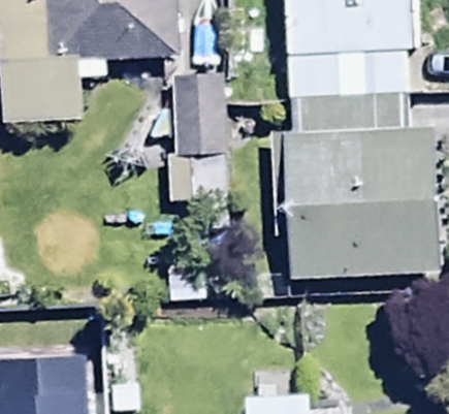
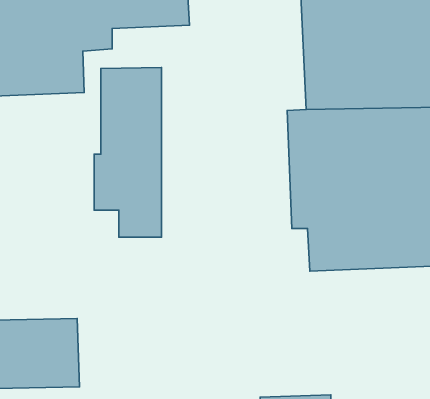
building: [166,71,228,227] -> [94,67,162,237]

